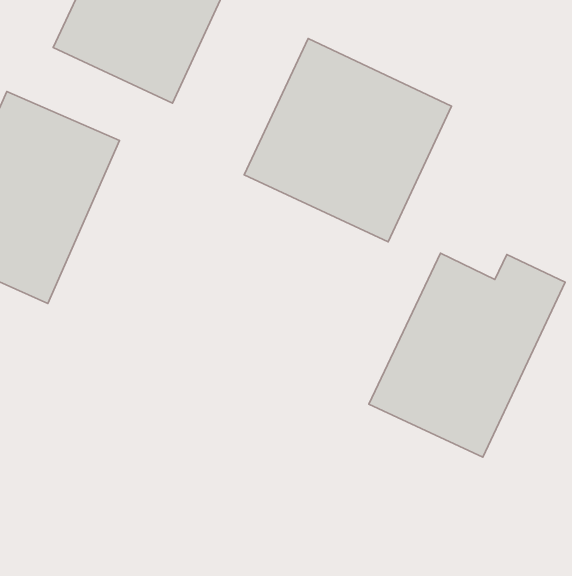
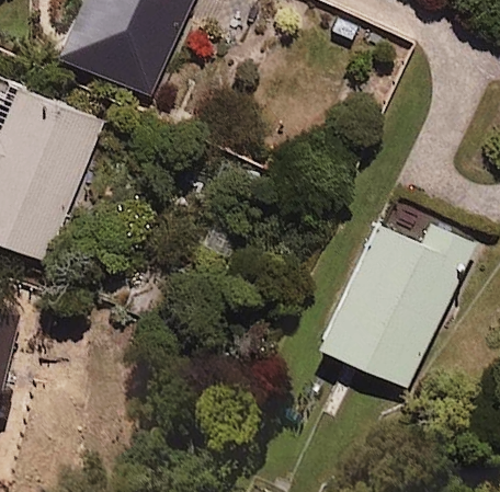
building: [244,38,451,242] -> none

